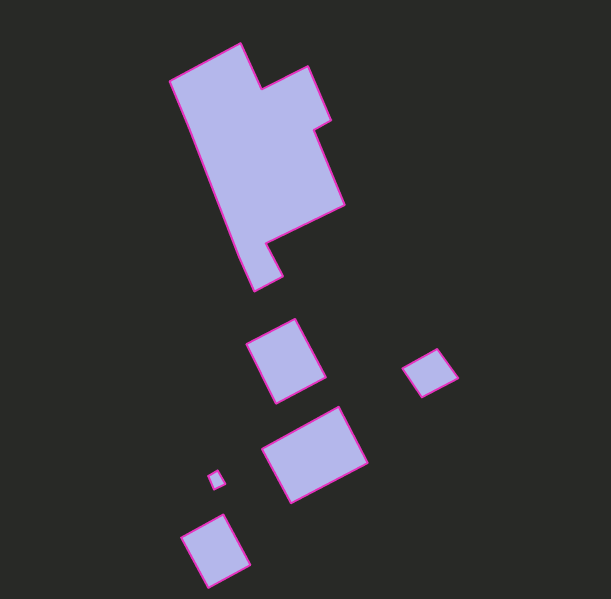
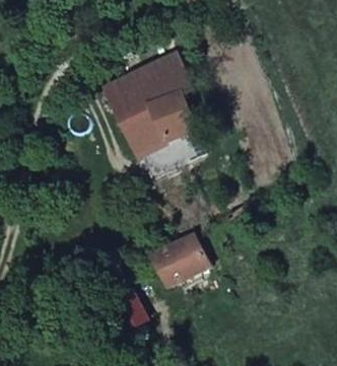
building: [247,319,326,404] -> none

